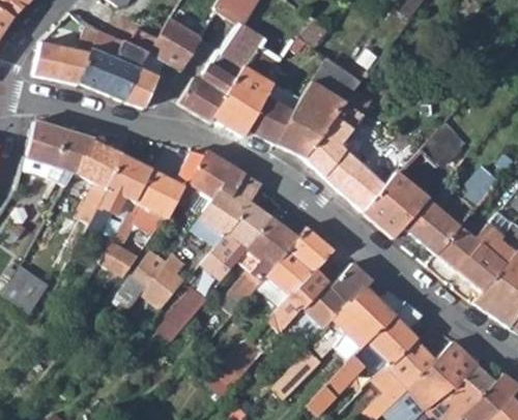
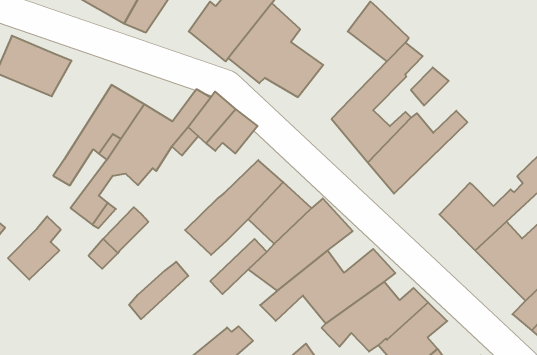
building: [276,86,345,159] -> none
building: [365,132,451,238] -> none
building: [74,139,121,220] -> none
building: [198,173,261,236] -> none
building: [145,251,186,305] -> [8,216,61,280]

